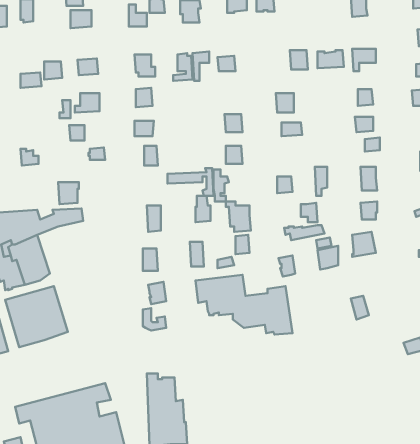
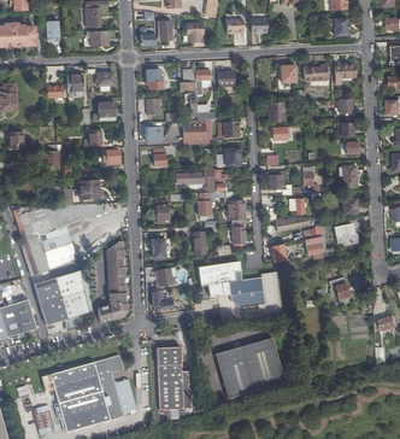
building: none -> [182,118,211,144]
building: none -> [98,238,125,321]
building: none -> [214,336,283,397]

